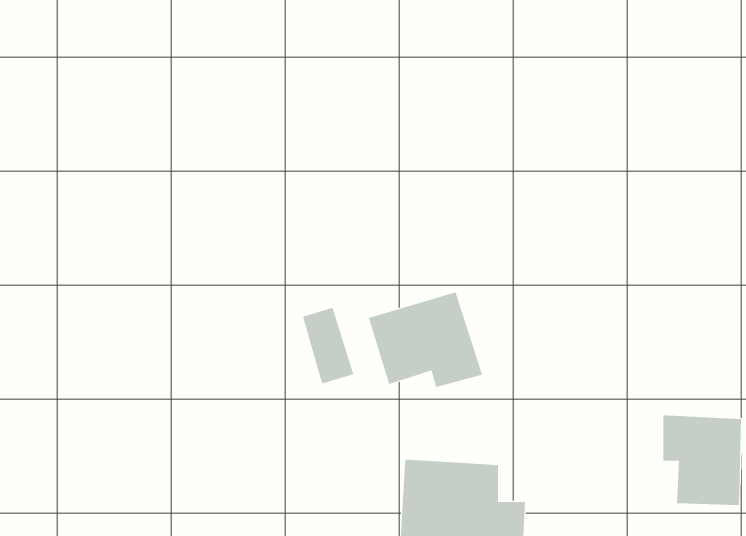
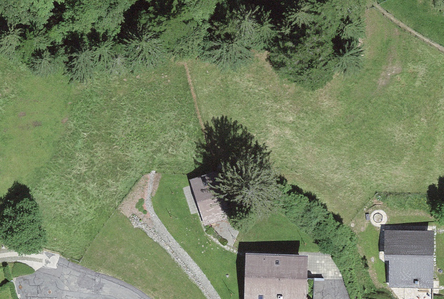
building: [368,292,483,388] -> none

